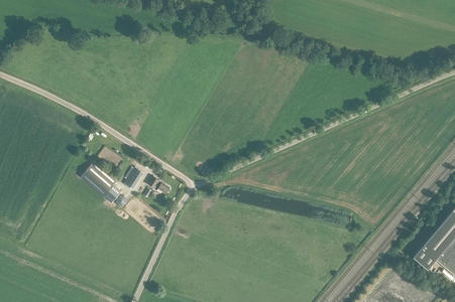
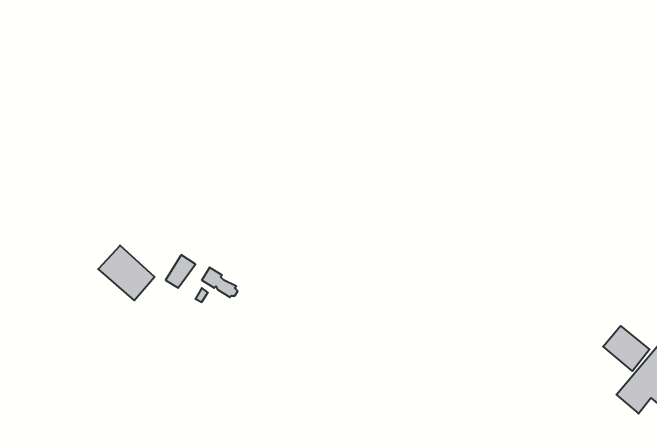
building: none -> [603,326,650,371]

